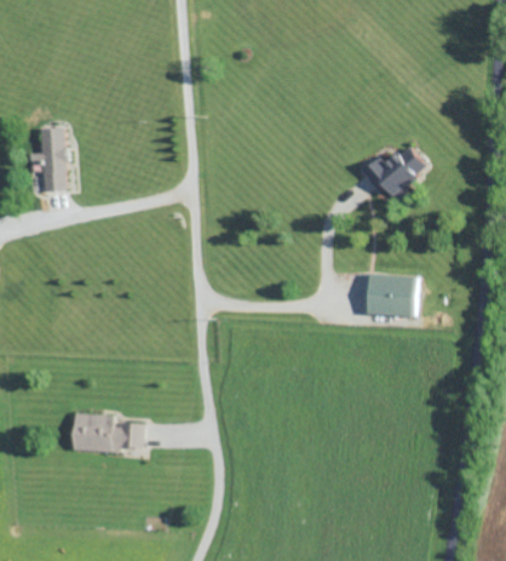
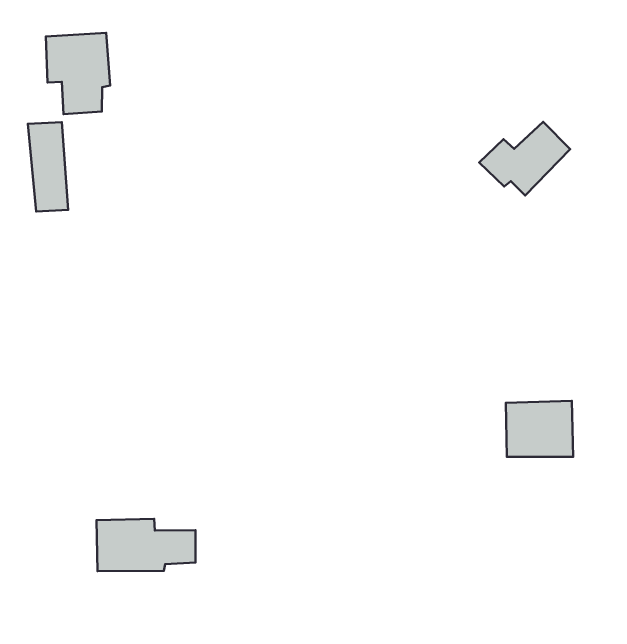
building: none -> [46,33,110,114]
building: [367,275,415,316] -> [506,401,573,457]

